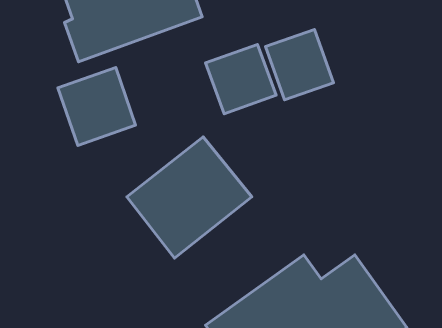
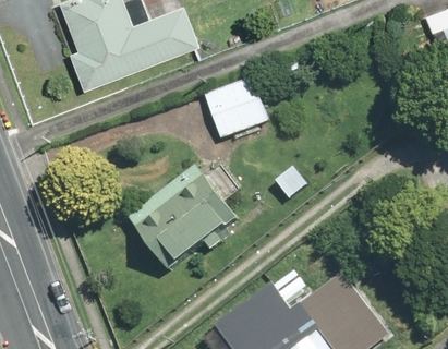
building: [265,30,333,100] -> none
building: [58,67,136,146] -> none

